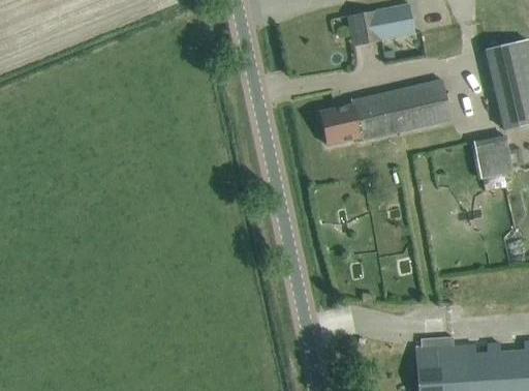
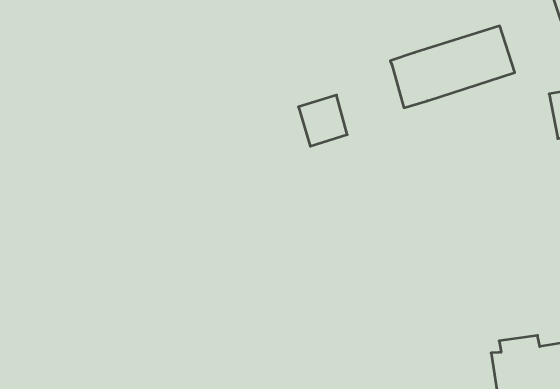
building: [319,106,357,146] -> [298,95,347,146]

